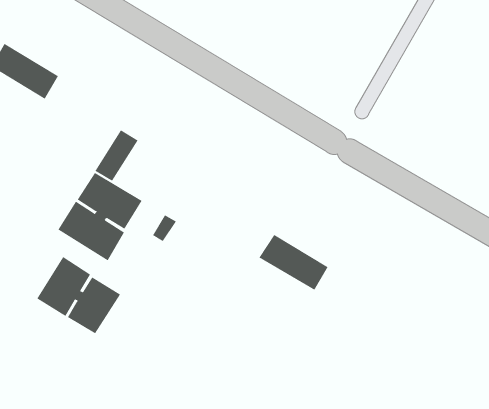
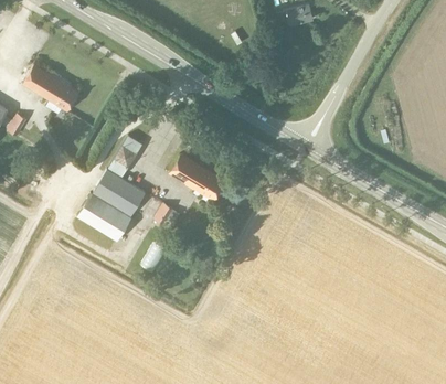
building: [259,234,328,290] -> [170,153,226,199]
building: [37,256,121,334] -> none

